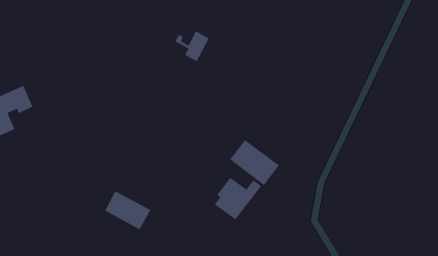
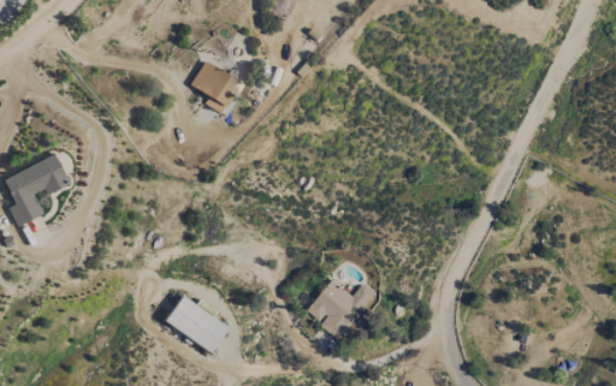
building: [174,30,210,62] -> [191,70,239,113]
building: [229,139,280,186] -> none

